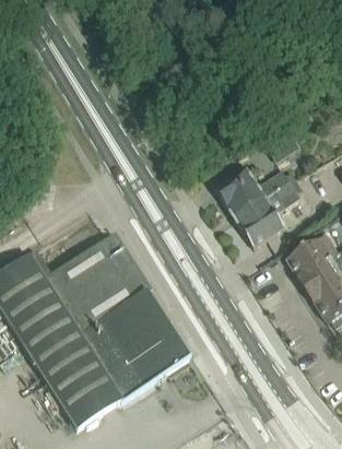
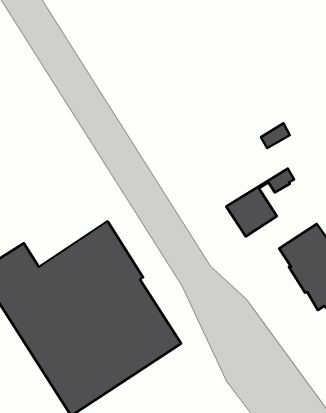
building: [215,168,296,217] -> none

